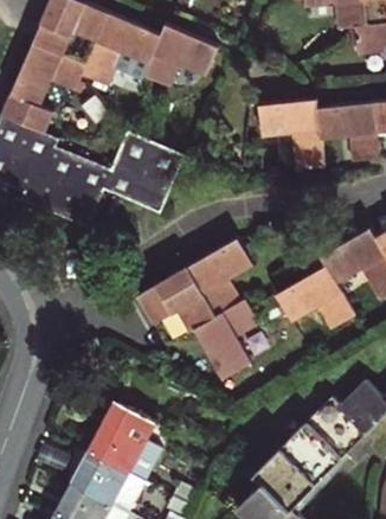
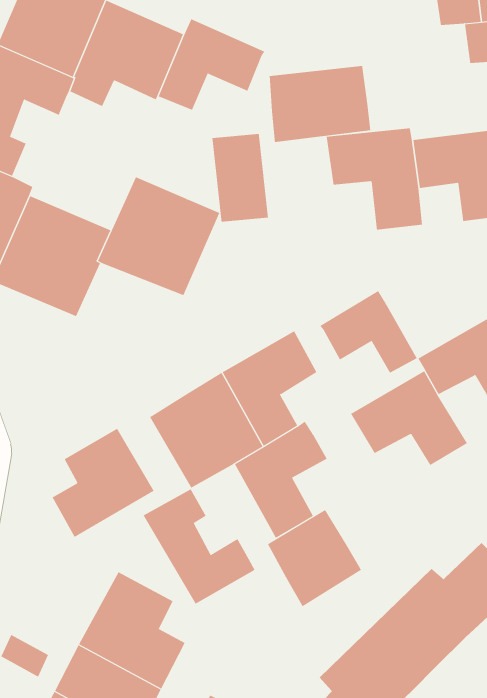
building: none -> [269,65,371,143]
building: none -> [212,133,269,222]
building: none -> [319,290,418,374]
building: none -> [52,428,154,538]
building: none -> [143,488,255,605]
building: none -> [267,509,362,607]

